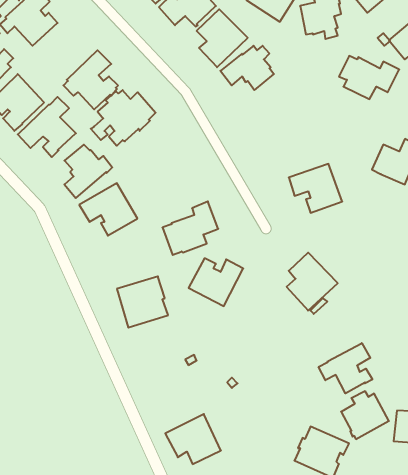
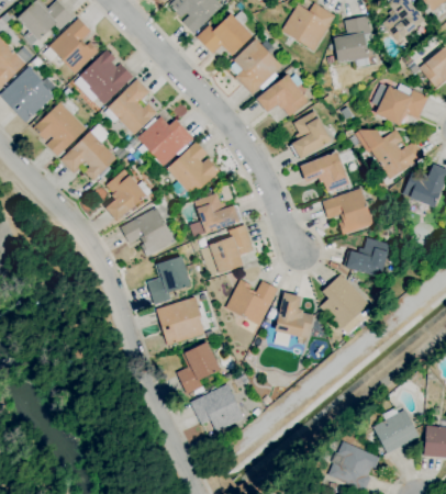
building: none -> [74,48,133,104]
building: none -> [290,110,332,159]
building: none -> [354,130,424,179]
building: none -> [166,142,220,201]
building: none -> [300,147,356,195]
building: none -> [189,192,242,237]
building: none -> [344,237,390,278]
building: none -> [147,256,191,303]
building: none -> [274,292,313,348]
building: none -> [177,341,221,394]
building: [319,343,372,393] -> none
building: [165,414,221,464] -> [190,383,244,431]

